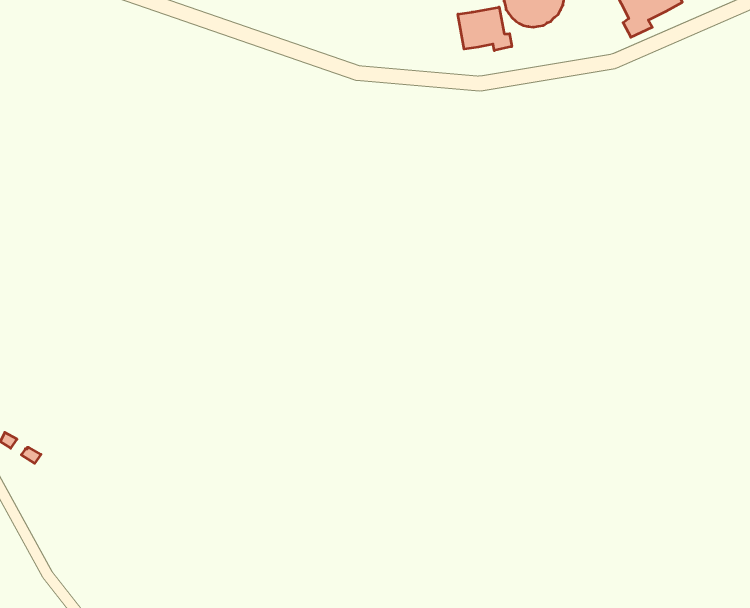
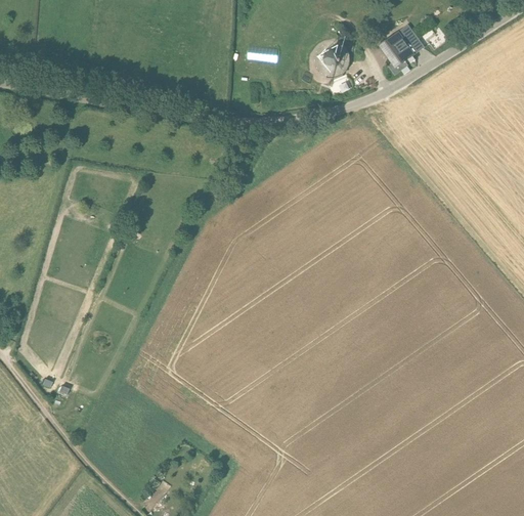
building: [458,7,512,51] -> none

